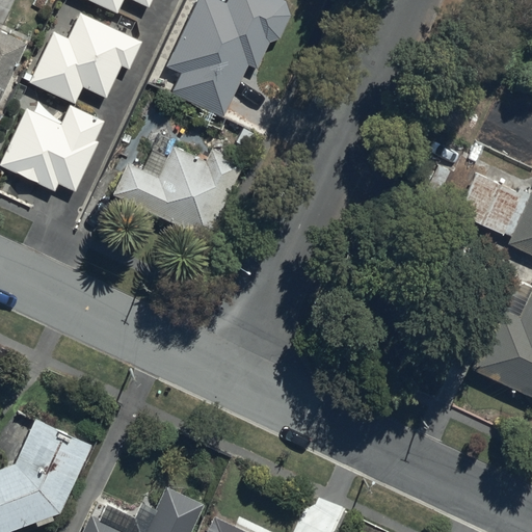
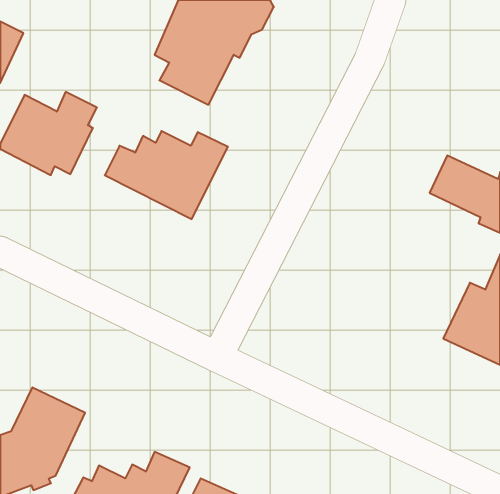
building: [21,12,141,104] -> none

